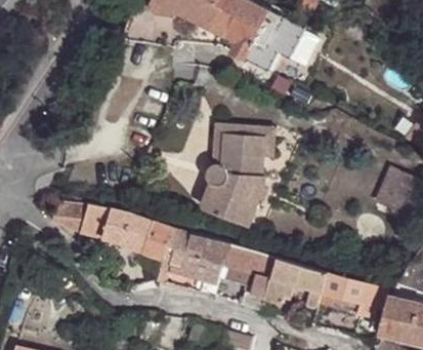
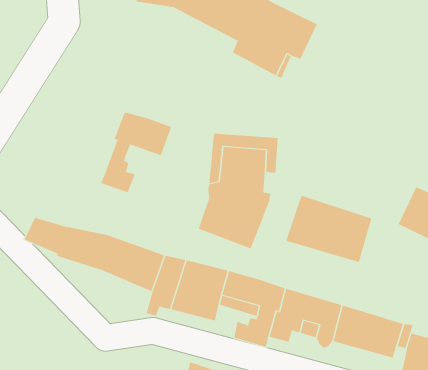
building: none -> [101,112,172,193]
building: none -> [286,195,372,263]

